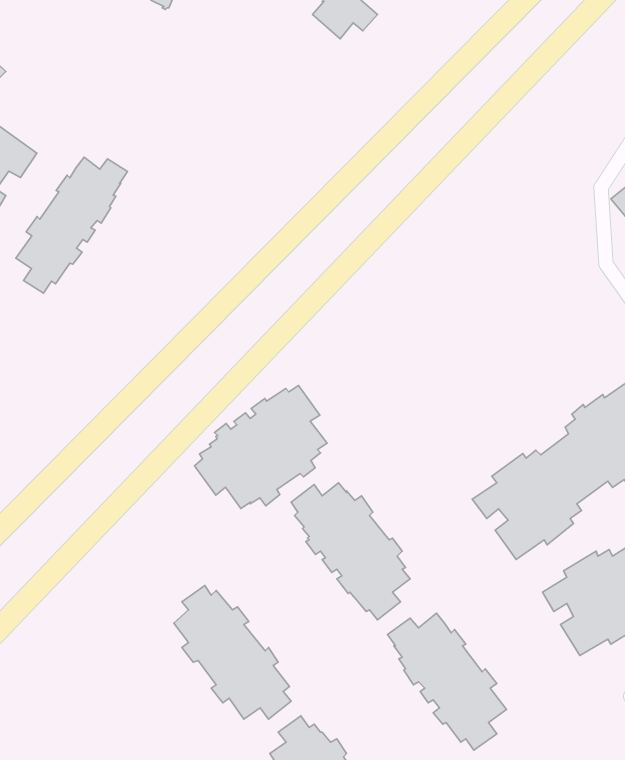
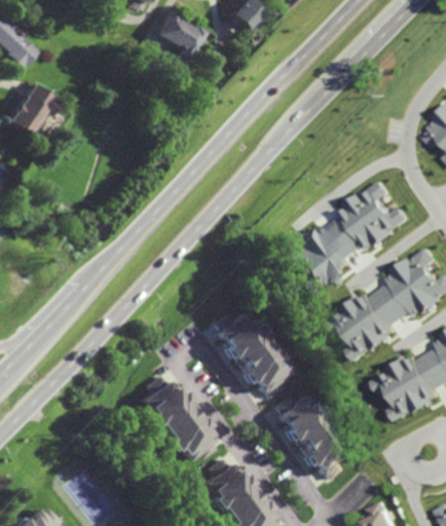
building: none -> [155,11,207,64]
building: [16,157,127,293] -> none
building: none -> [283,179,409,293]
building: [194,386,327,508] -> none

